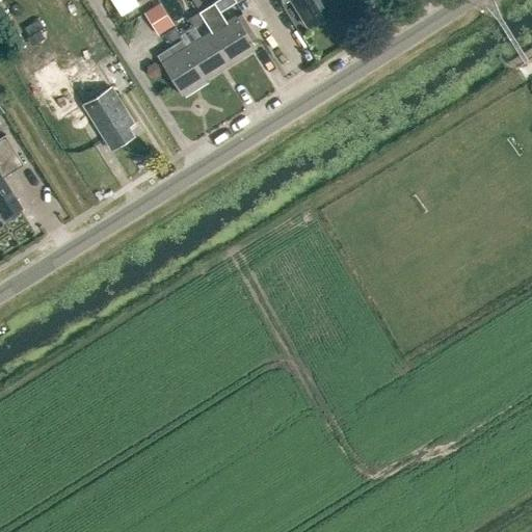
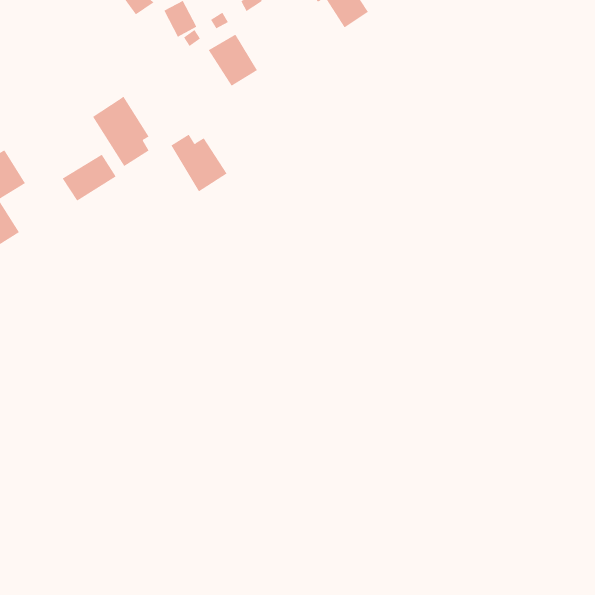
building: [210,12,256,62] -> none
building: [155,42,206,94] -> [170,134,228,192]
building: none -> [62,154,116,201]

